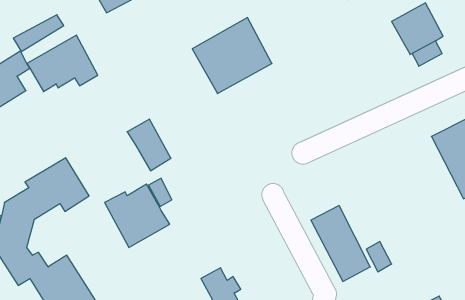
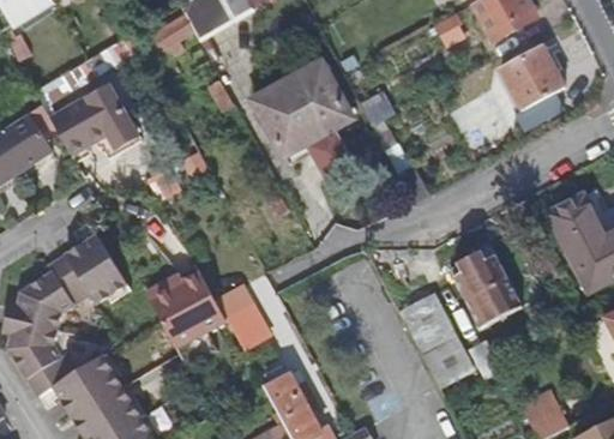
building: [127,119,171,171] -> [216,285,270,349]
building: none -> [451,246,523,326]

